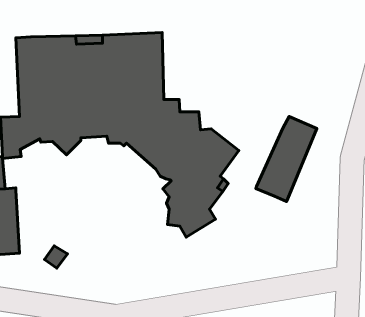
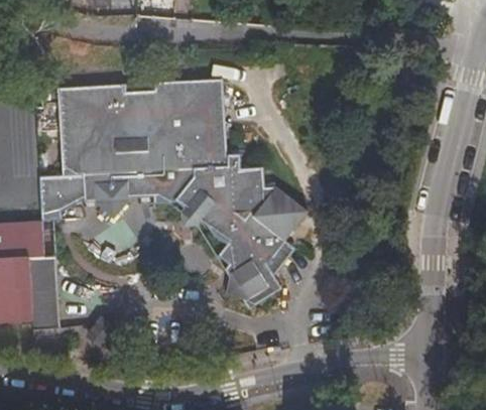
building: [256,117,317,202] -> none

